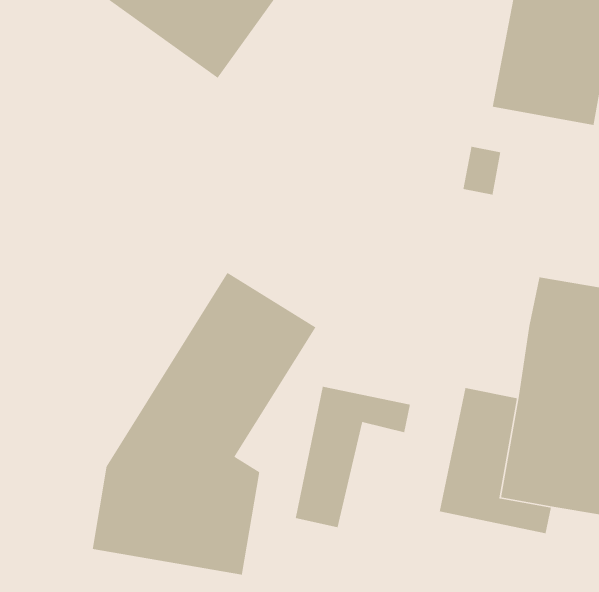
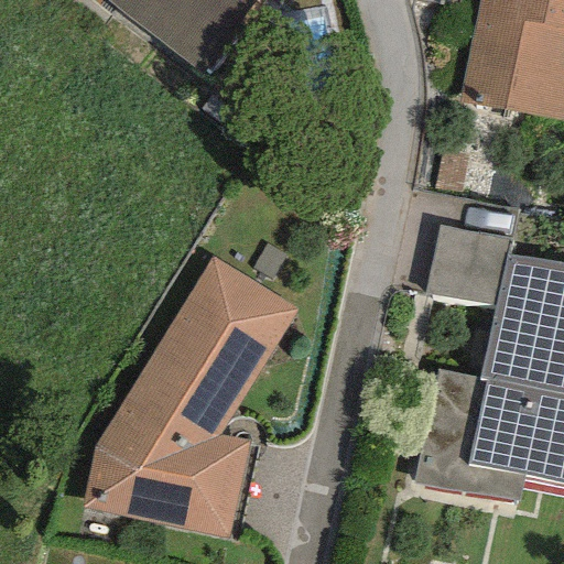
building: none -> [429,223,512,305]
building: [295,386,411,528] -> none

